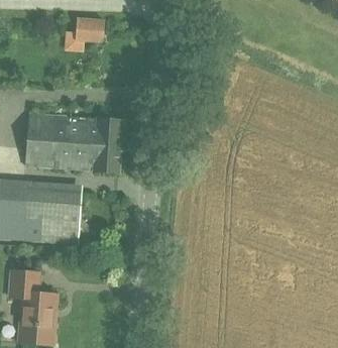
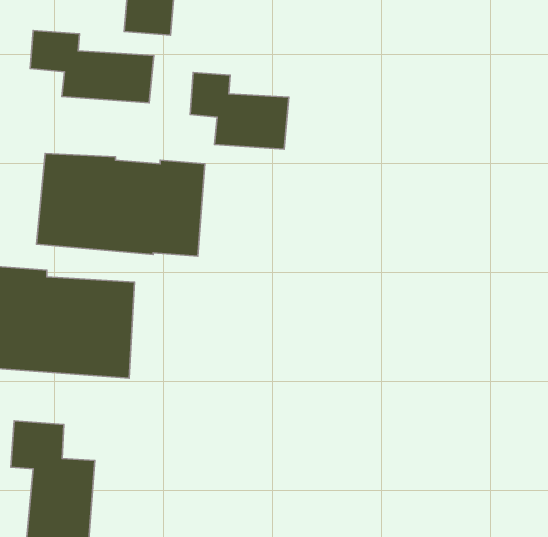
building: none -> [30,30,154,103]
building: none -> [190,73,289,149]

